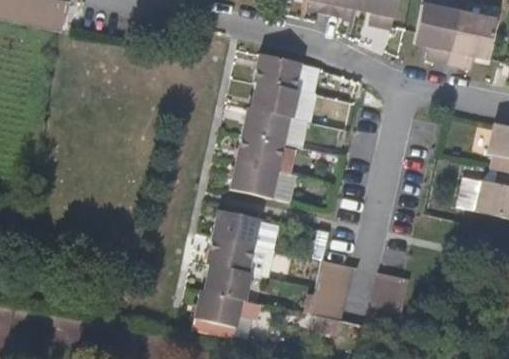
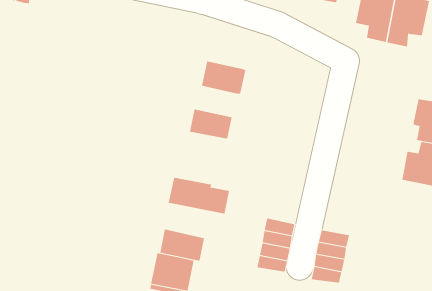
building: [253,63,301,99] -> none
building: [241,116,289,151] -> none
building: [230,167,278,204] -> none
building: [207,244,276,286] -> none

